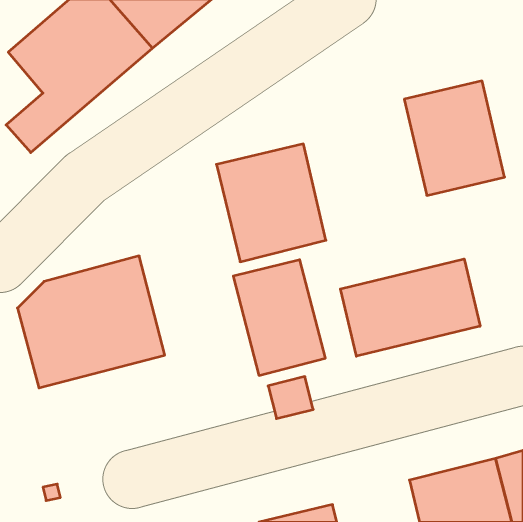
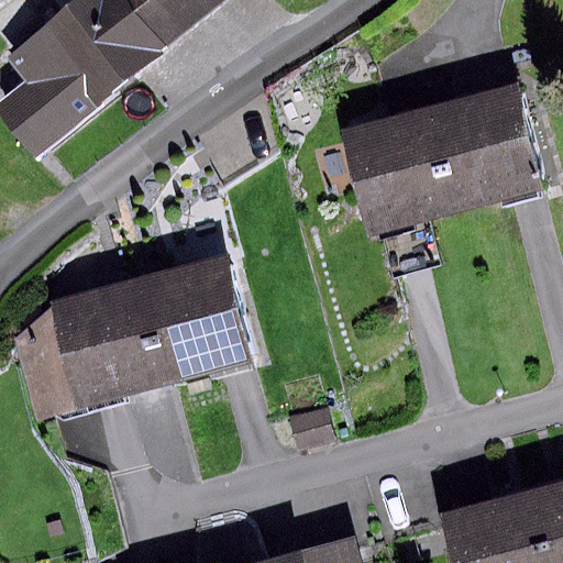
building: [216,144,326,262] -> [341,107,459,233]
building: [340,259,480,356] -> none
building: [233,260,325,375] -> [150,257,249,382]

